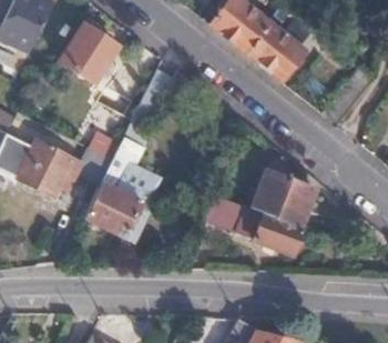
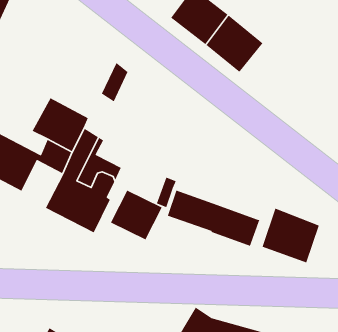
building: [61,22,119,82] -> none
building: [255,171,314,228] -> [262,207,320,264]
building: none -> [110,190,163,240]

